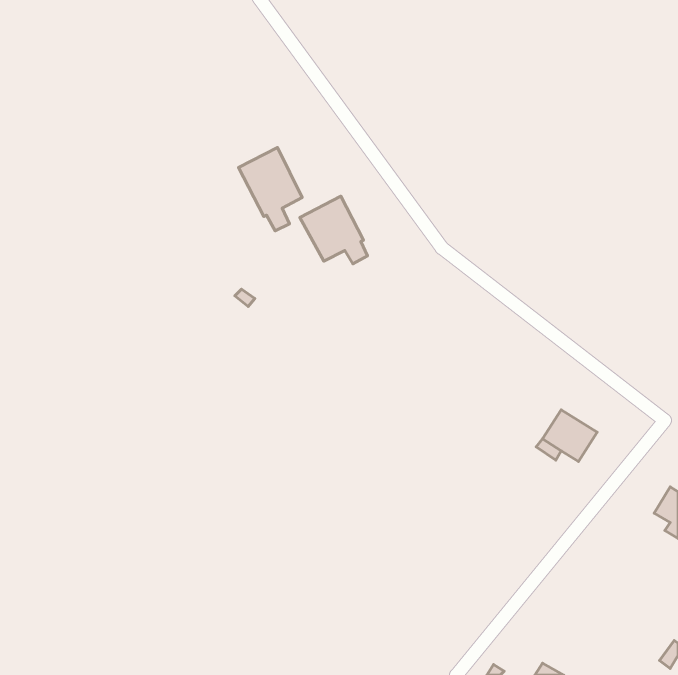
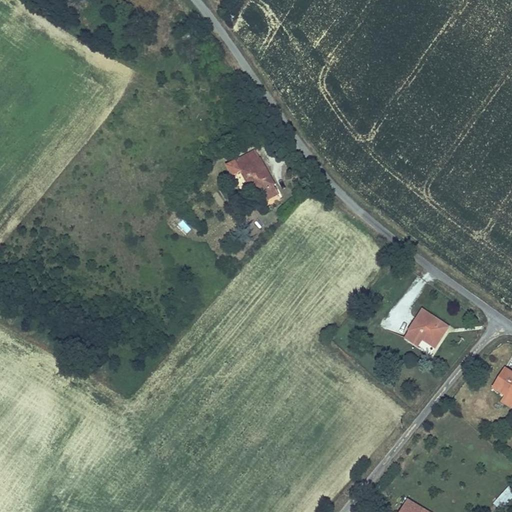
building: [239,148,302,231] -> none

